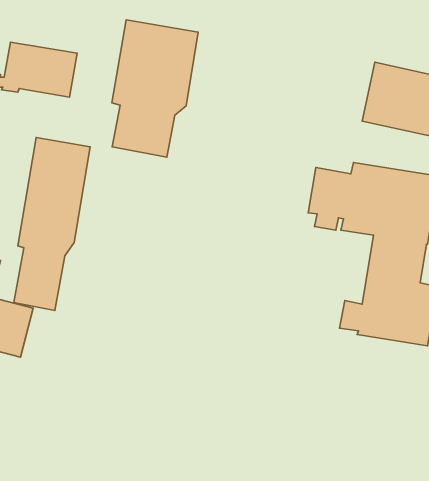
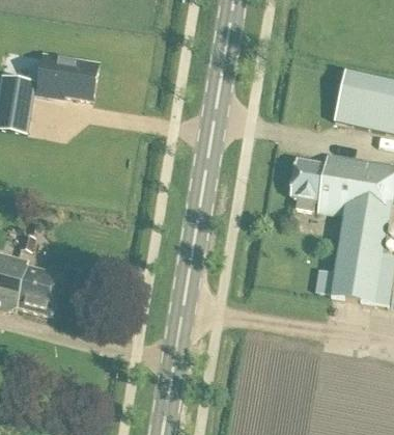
building: [112,20,198,157] -> none
building: [14,138,90,310] -> none

